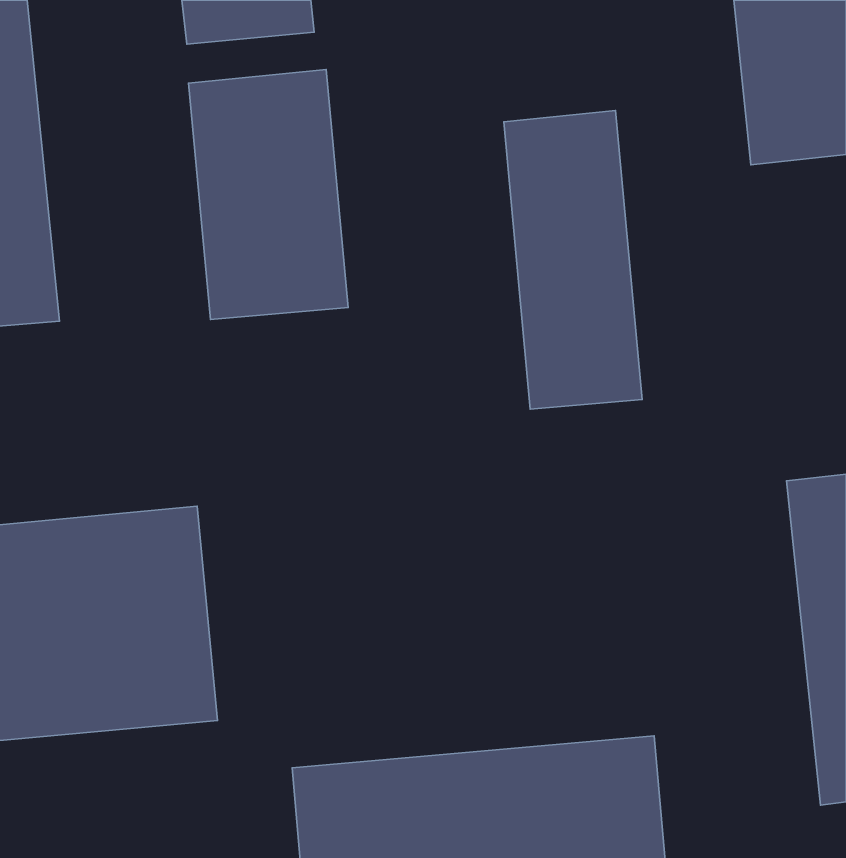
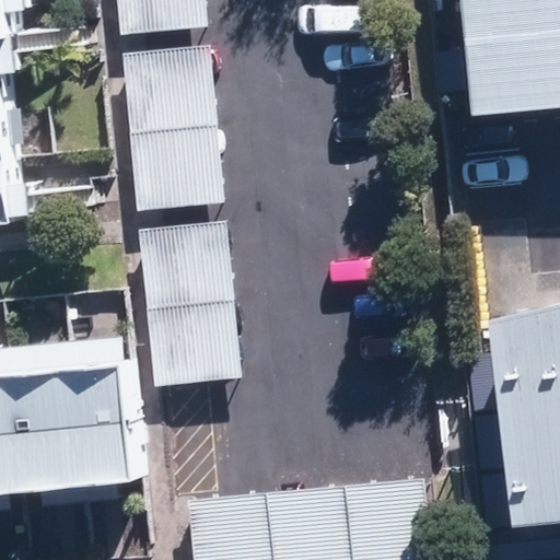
building: [504,110,642,409] -> none
building: none -> [139,225,240,384]

